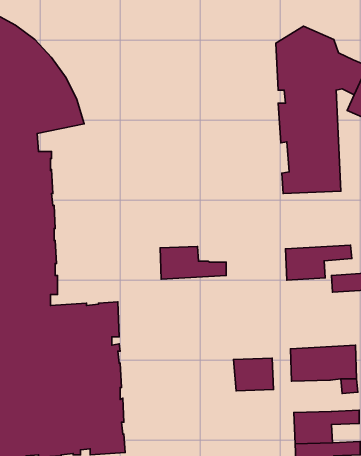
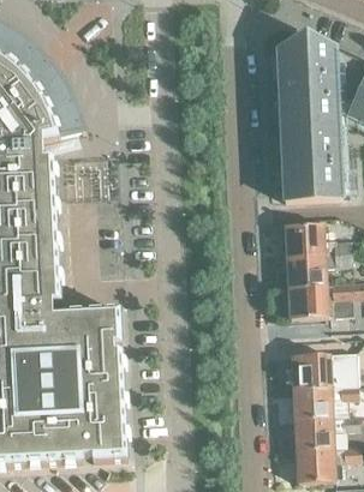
building: [160,247,226,279] -> [285,222,351,254]
building: none -> [287,283,332,317]
building: [234,358,273,391] -> [292,385,332,418]

